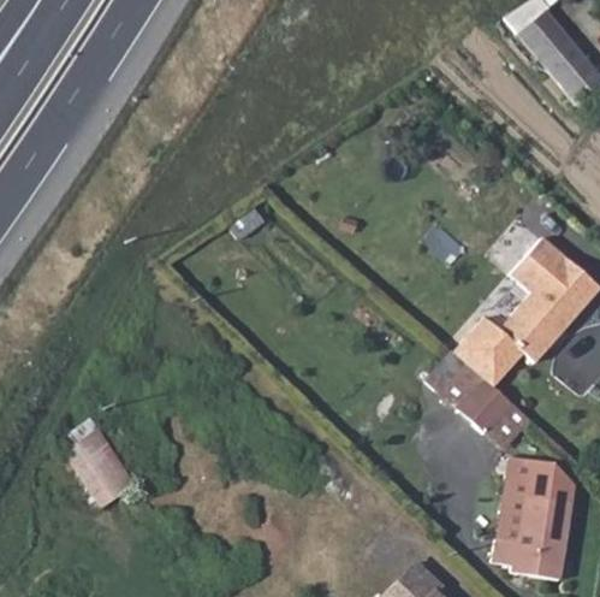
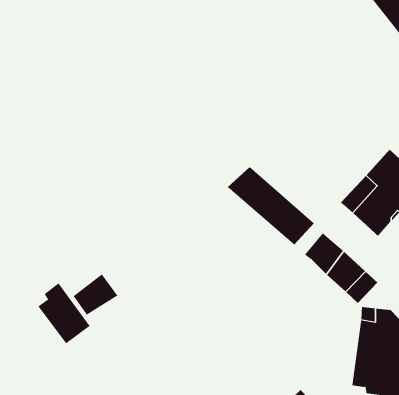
building: none -> [227,166,315,245]
building: [458,319,525,386] -> none
building: none -> [73,273,118,315]

